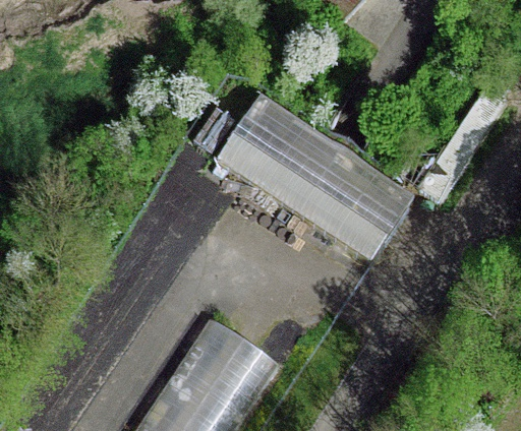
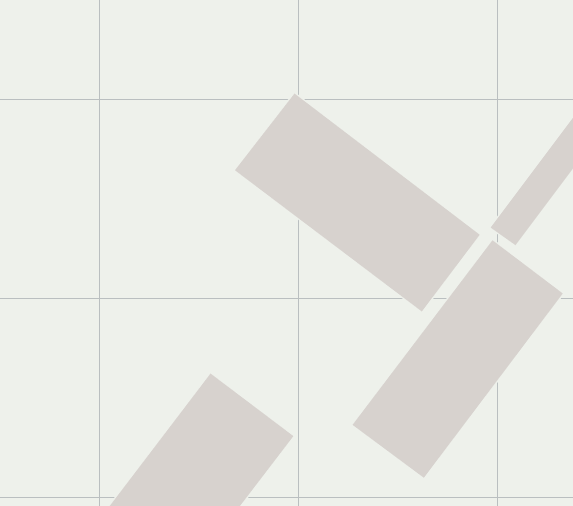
building: none -> [351,239,564,479]

